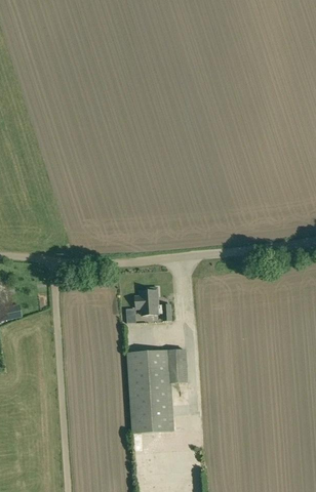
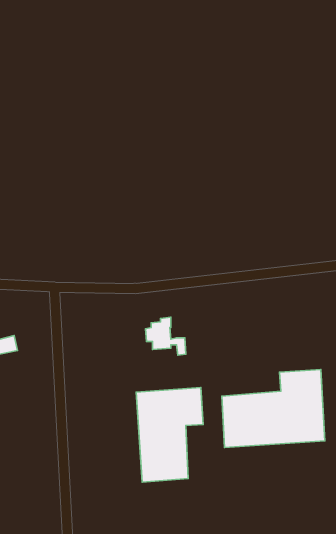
building: none -> [222,369,325,447]

